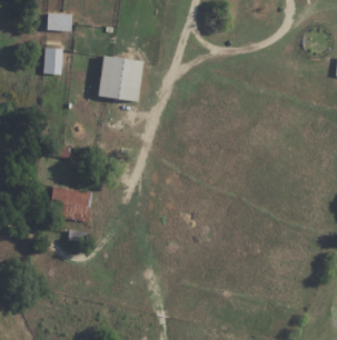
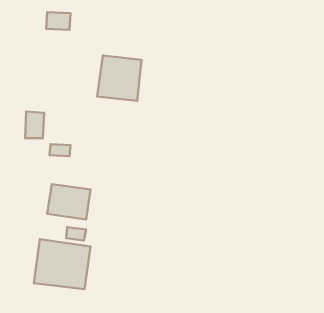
building: [44,49,63,76] -> [25,112,44,138]
building: none -> [34,239,90,289]

